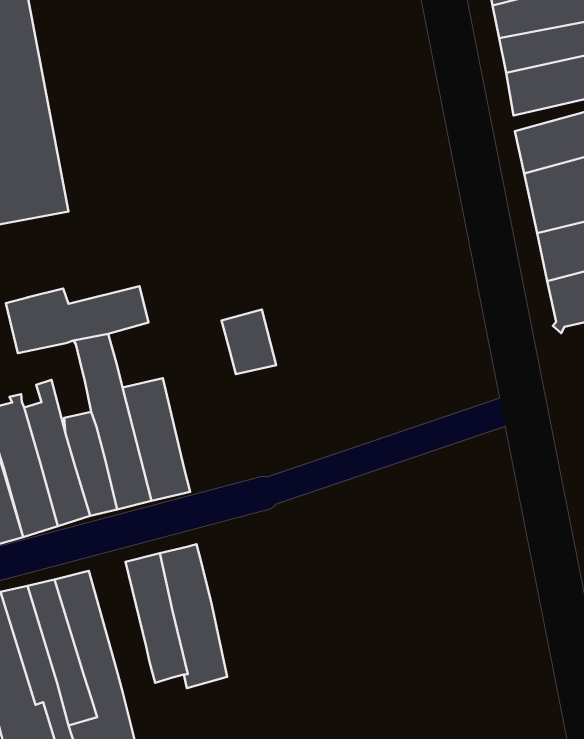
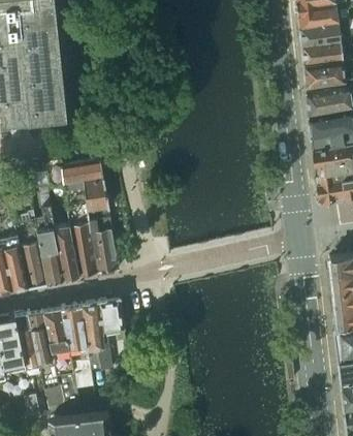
building: [222,309,276,374] -> [83,181,109,214]
building: none -> [62,306,92,374]

